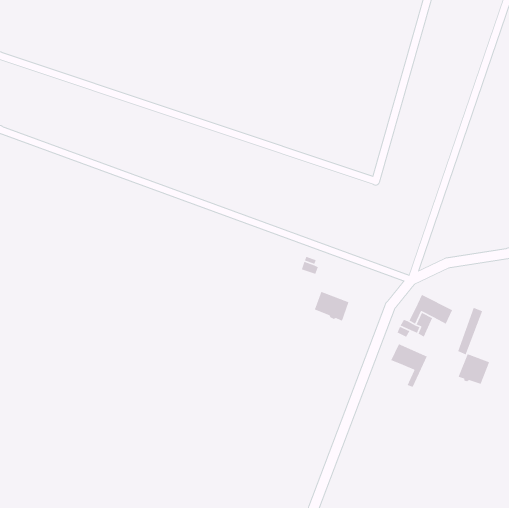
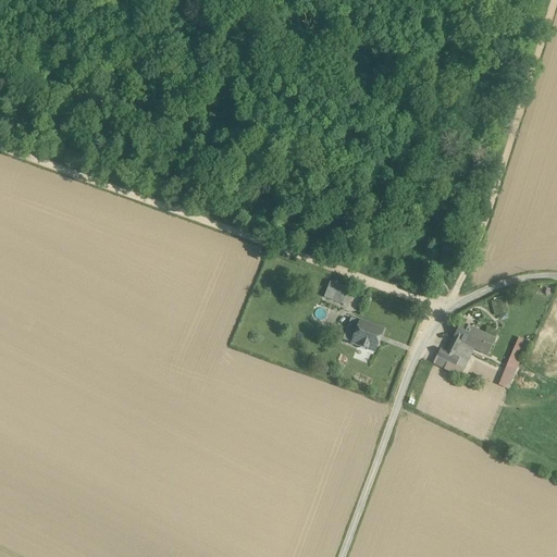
building: [390,343,428,388] -> none
building: [458,353,490,385] -> none

